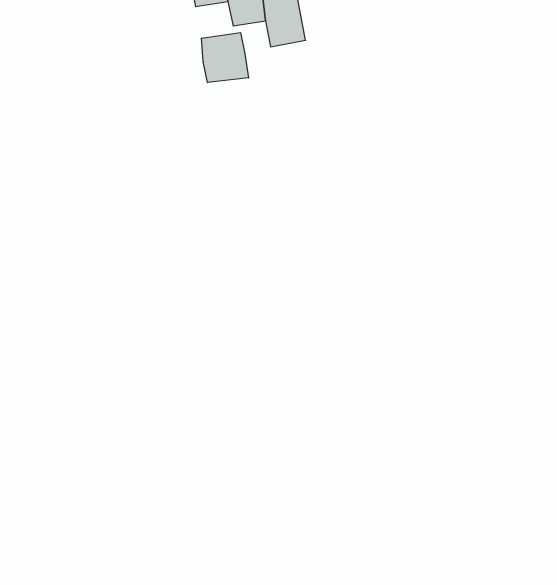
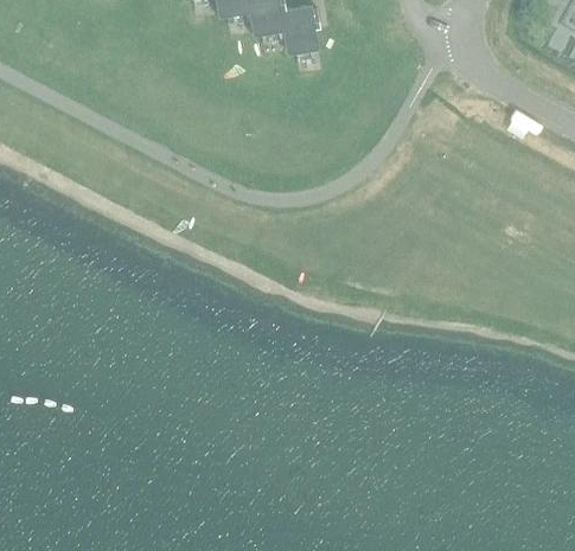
building: [202,33,249,83] -> none

